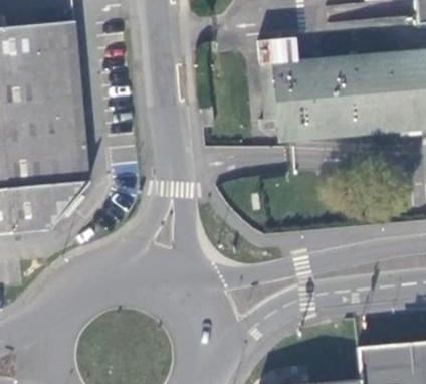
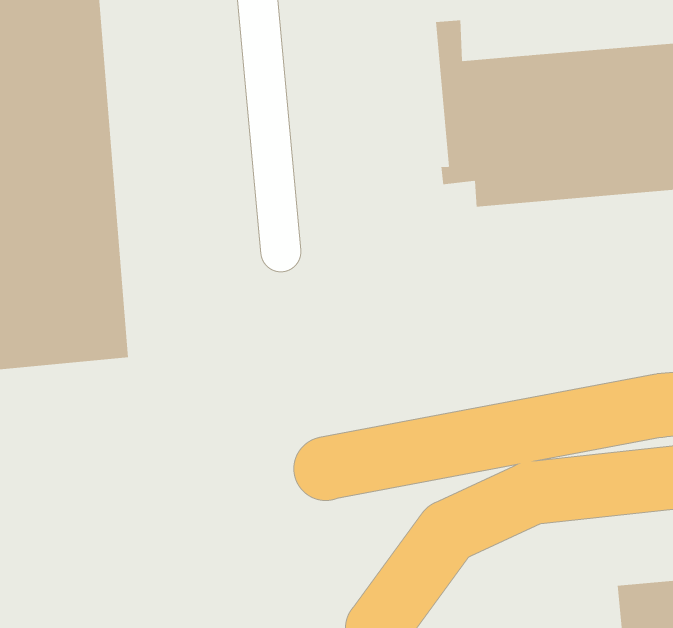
building: [271,38,307,63] -> none

